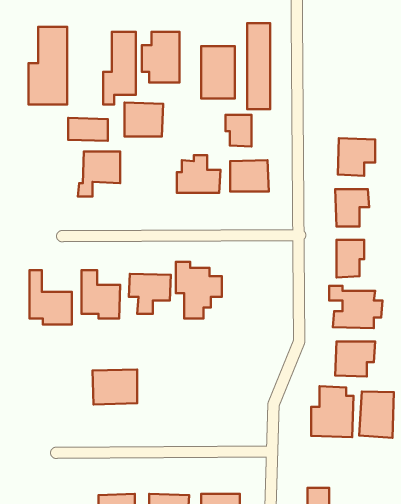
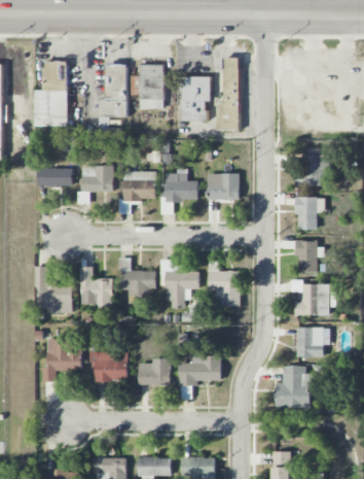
building: [124,103,163,136] -> [122,171,155,200]
building: [225,115,252,146] -> none
building: [68,118,108,141] -> [37,168,71,187]
building: none -> [208,271,240,307]
building: none -> [45,341,80,382]
building: none -> [178,355,220,399]
building: none -> [138,358,170,385]
building: [359,391,394,438] -> none

